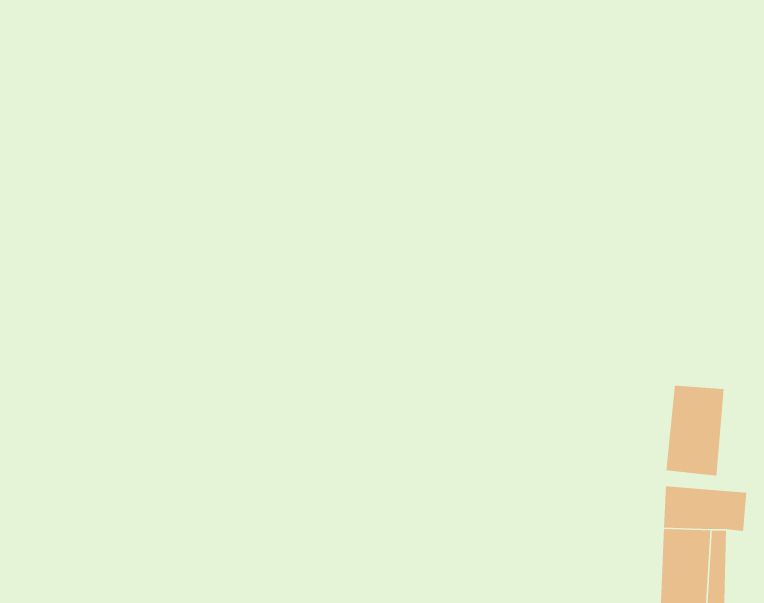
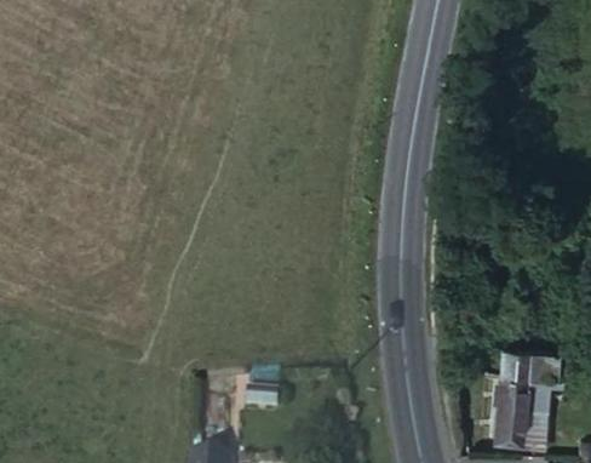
building: [665,385,725,476] -> none

